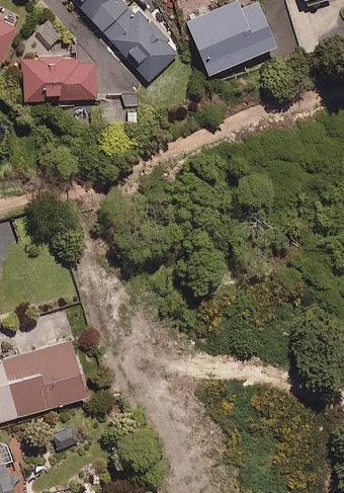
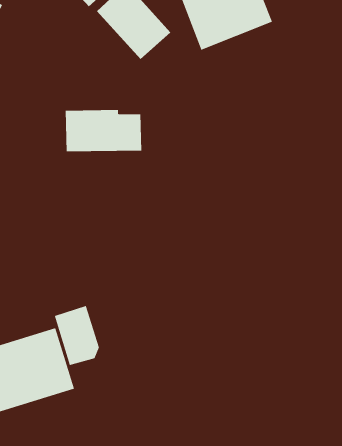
building: [22,59,96,99] -> [65,110,142,152]
building: none -> [54,305,100,366]

